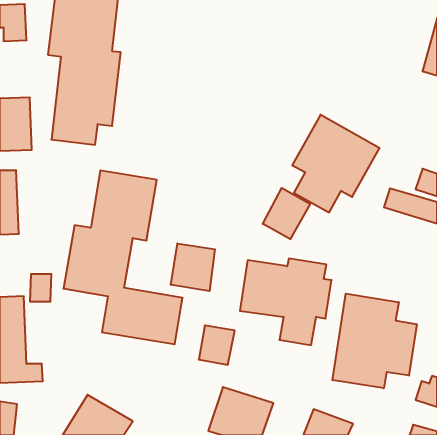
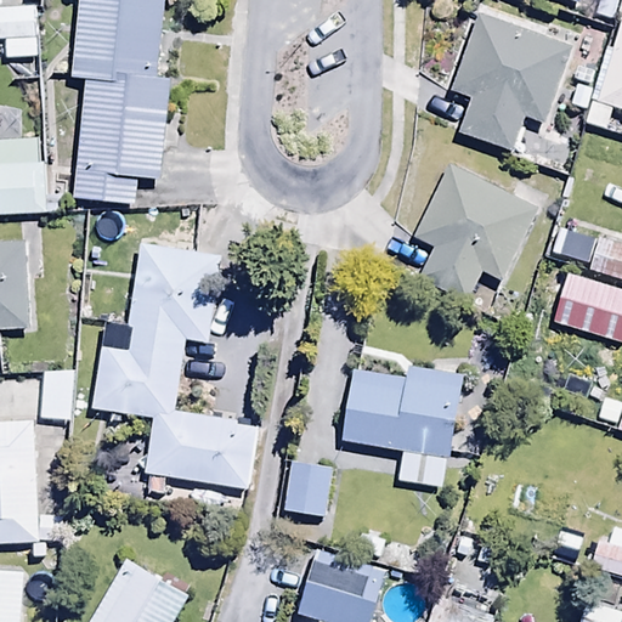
building: none -> [449,11,571,152]
building: [263,188,310,239] -> none
building: [171,243,215,291] -> none
building: [333,294,417,388] -> none

